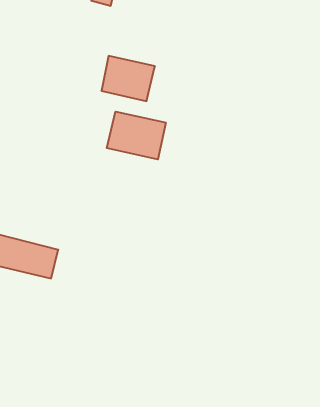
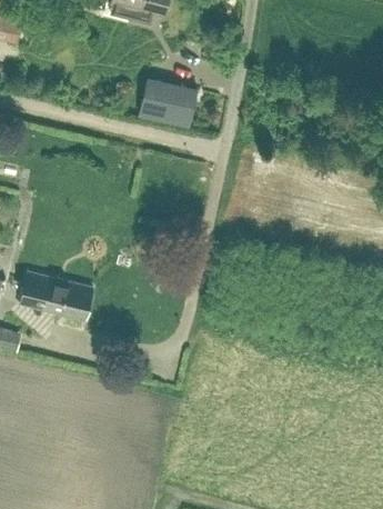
building: [107,112,166,159] -> none

